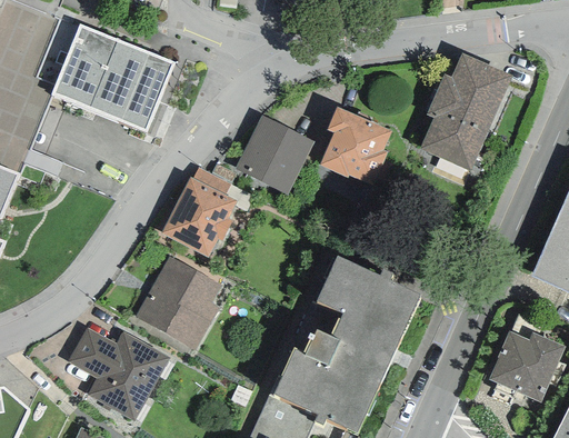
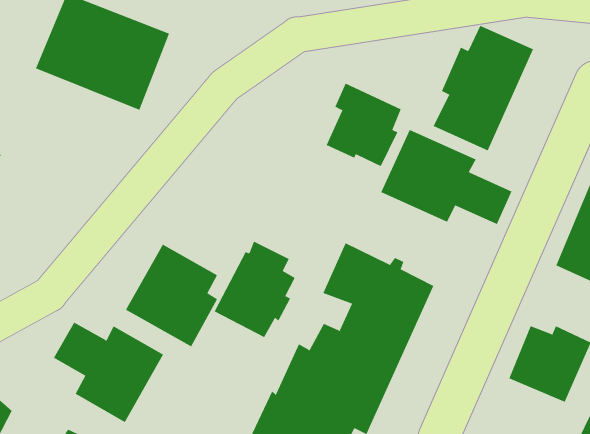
building: [236,115,315,195] -> none
building: none -> [380,129,512,225]
building: [161,167,237,257] -> [214,241,296,338]

